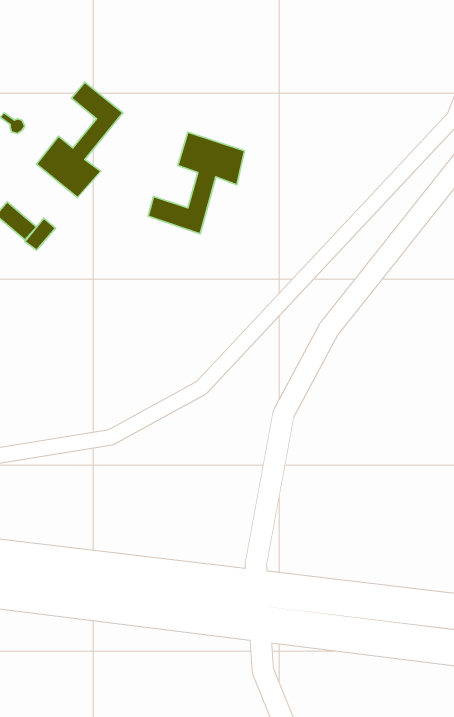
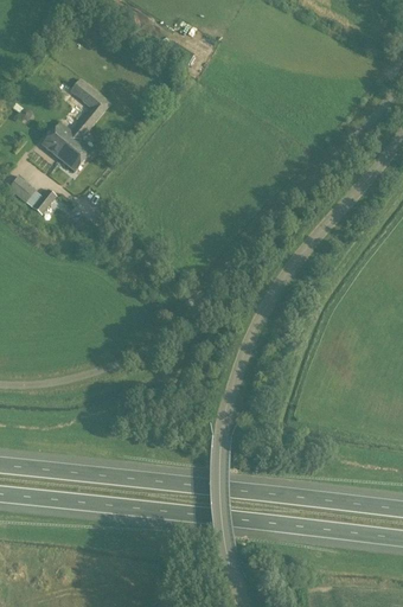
building: [148,132,244,234] -> none

